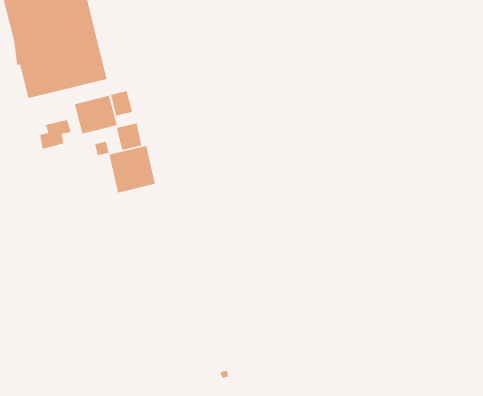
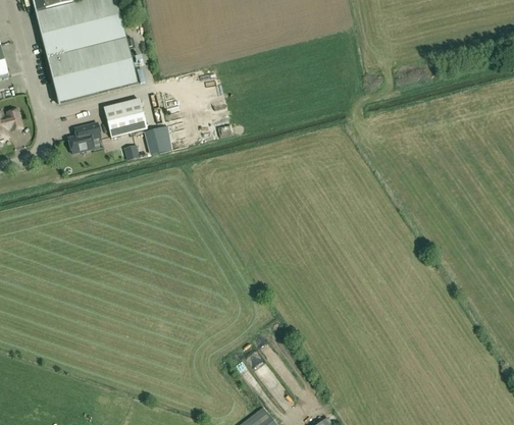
building: [110,90,133,117] -> none
building: [108,145,156,193] -> none

